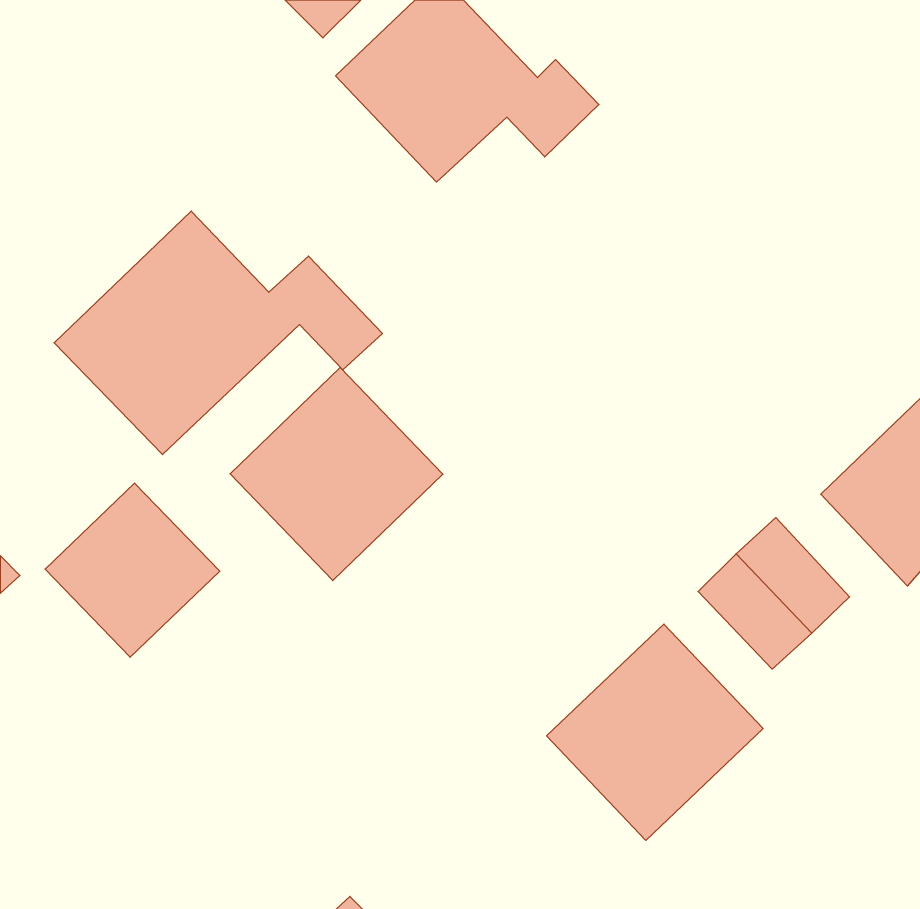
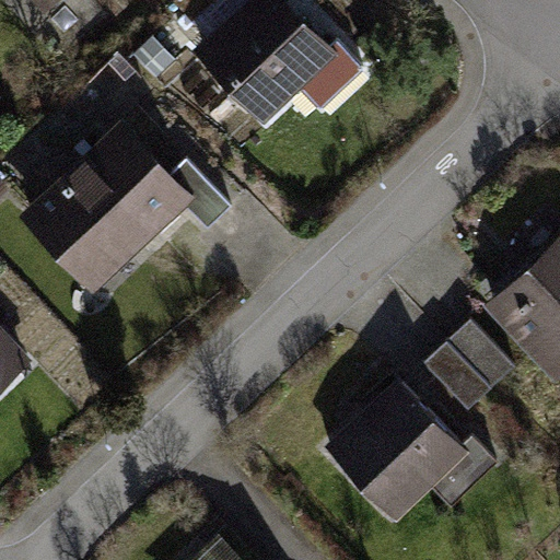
building: [230,367,443,581] -> none
building: [45,483,220,657] -> none

